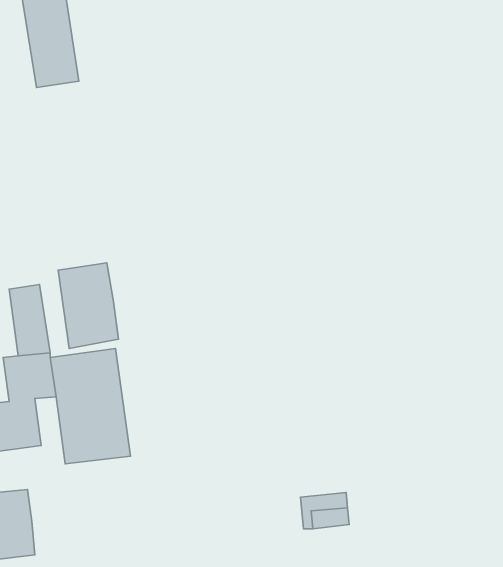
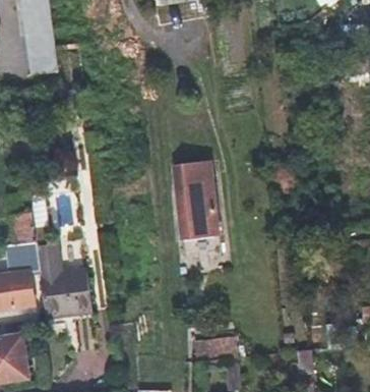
building: none -> [173,162,217,240]
building: [58,263,119,349] -> none

